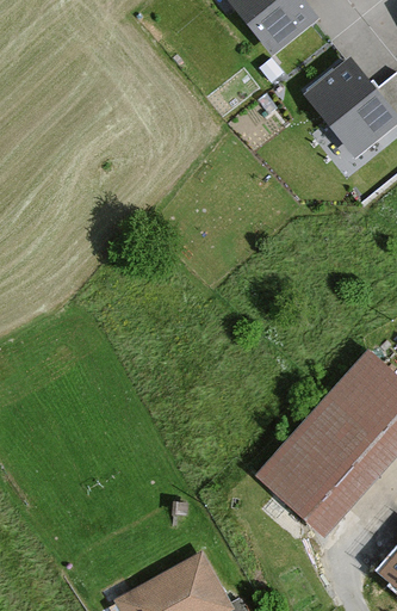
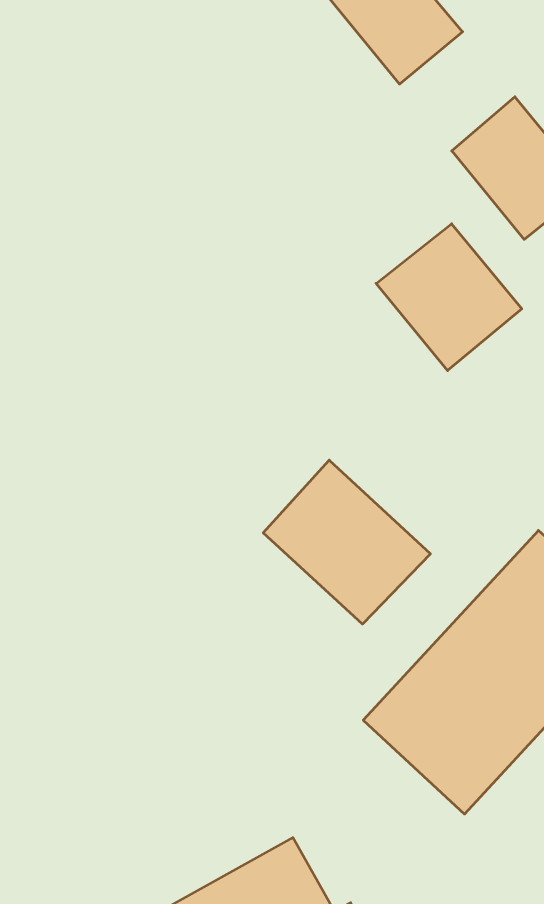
building: none -> [376,224,522,371]
building: none -> [263,460,430,624]

